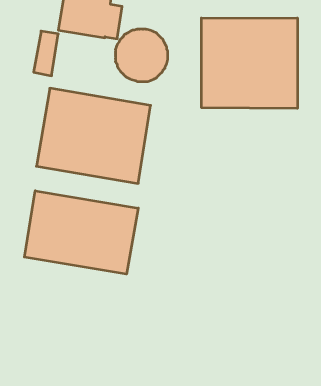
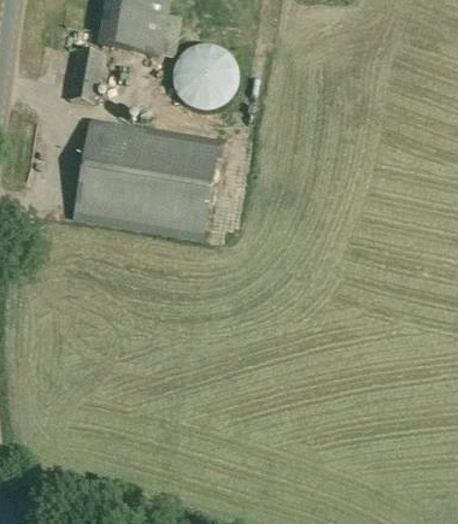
building: [201,18,297,108] -> none
building: [24,191,138,274] -> none

